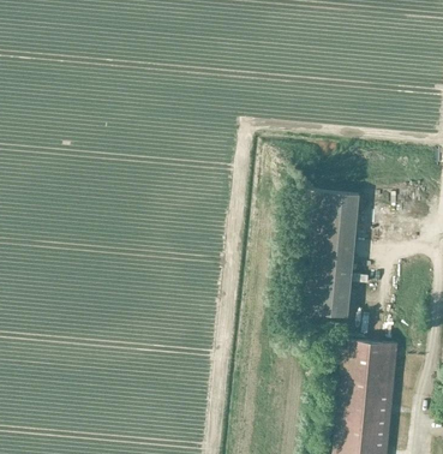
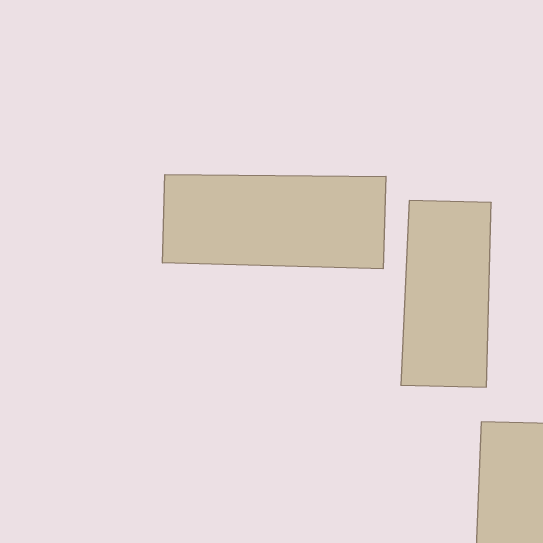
building: none -> [163,175,386,269]

